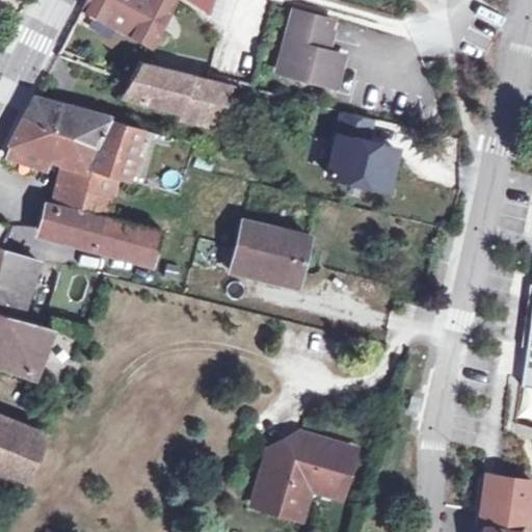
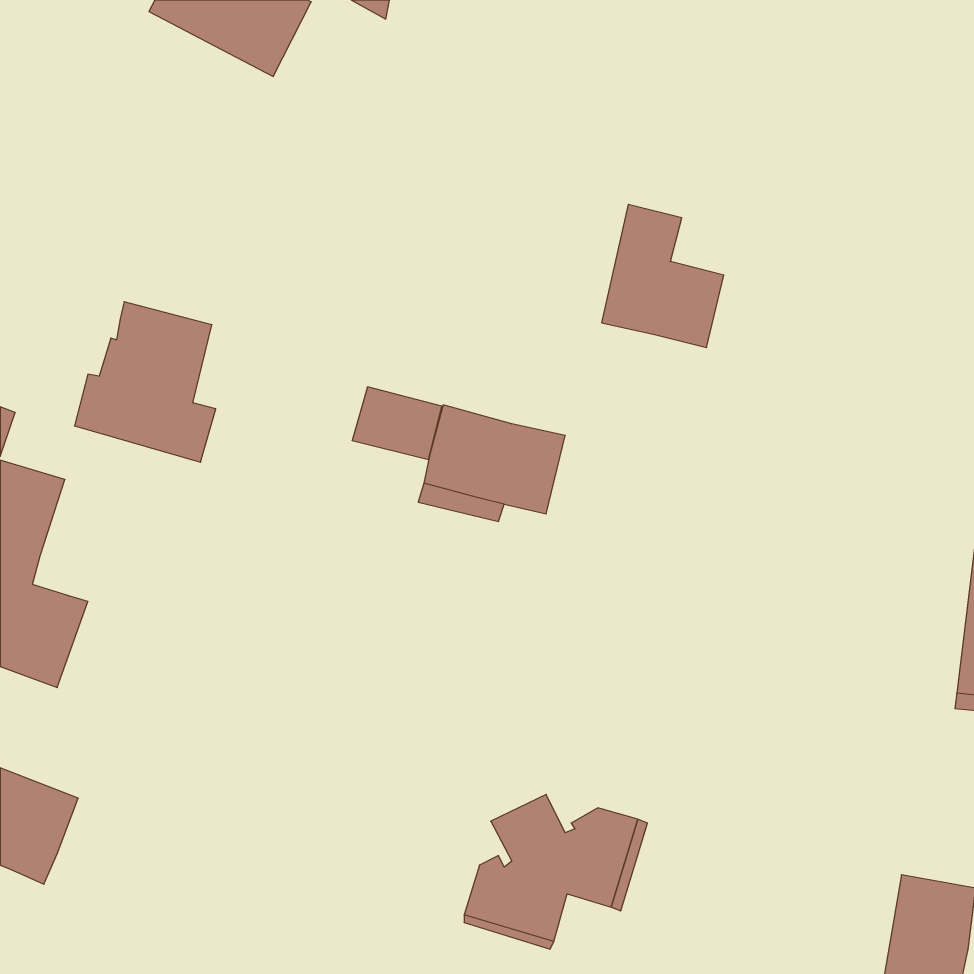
building: [278,14,342,87] -> none
building: [122,63,230,121] -> none
building: [6,98,141,180] -> none
building: [110,223,159,263] -> [352,387,442,460]

